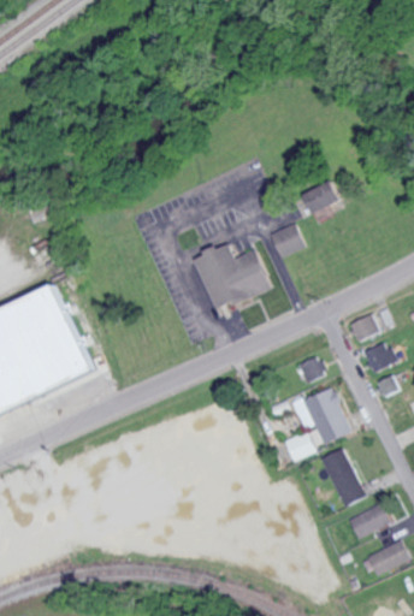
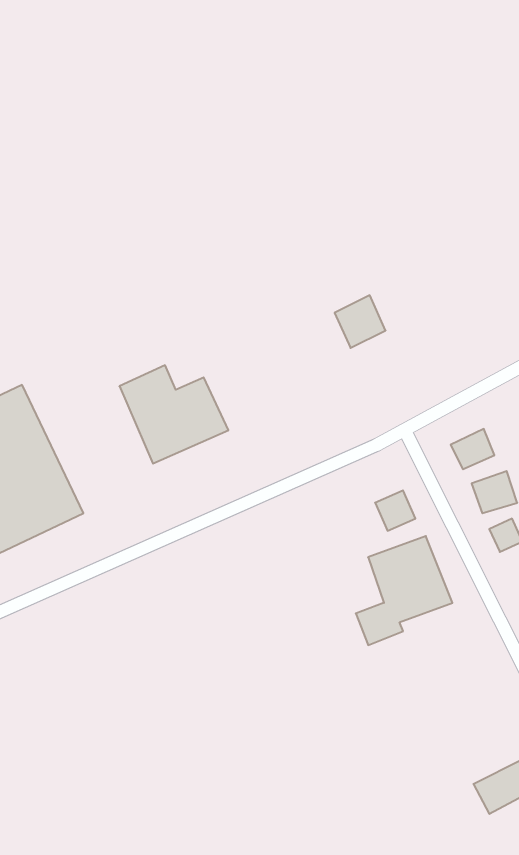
building: [303,179,339,212] -> none
building: [194,243,268,310] -> [119,365,228,464]
building: [319,448,363,507] -> none
building: [345,502,389,538] -> none

